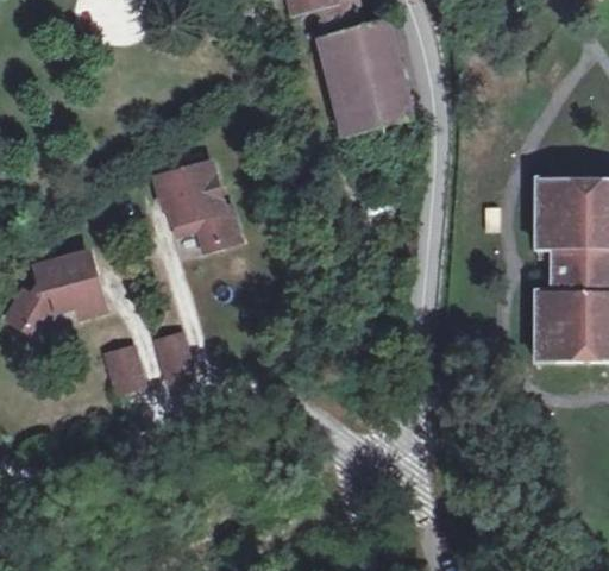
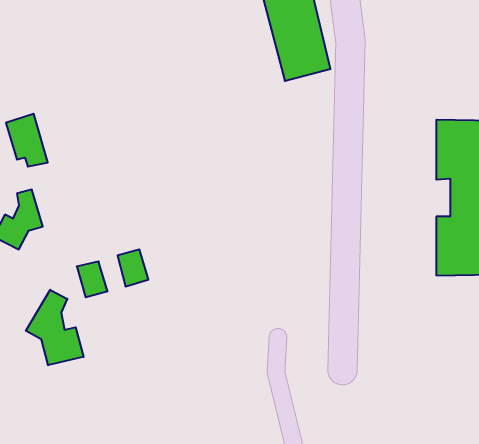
building: [152,159,236,245] -> none
building: [54,251,103,314] -> [6,114,48,167]
building: none -> [26,290,84,365]

